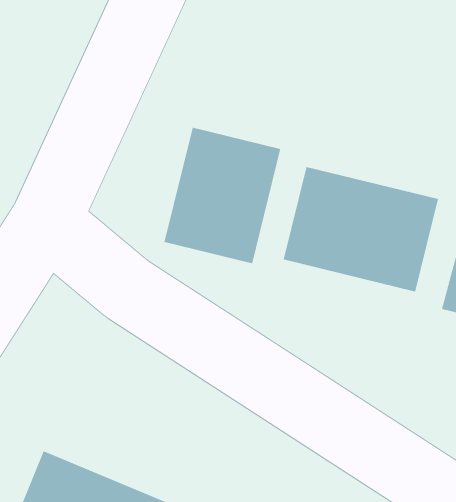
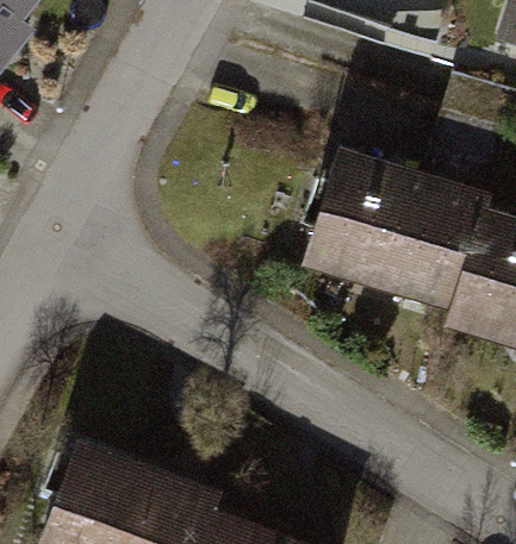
building: [164,127,281,264] -> none

